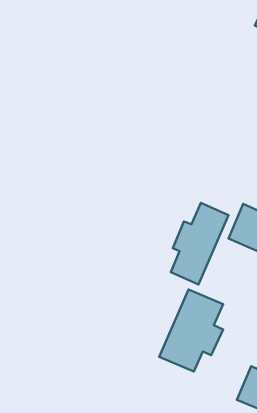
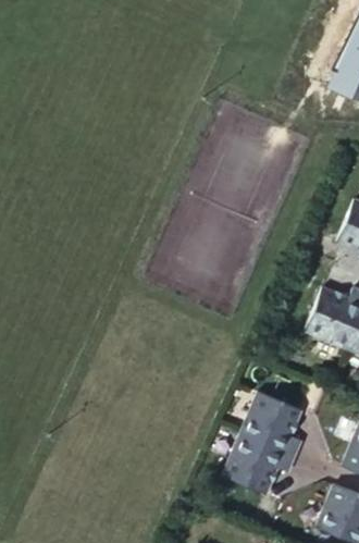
building: [171,203,229,284] -> none

